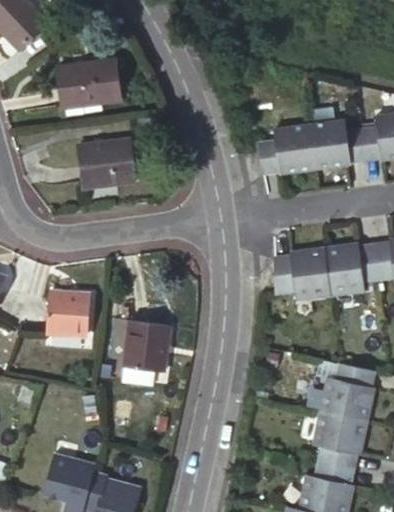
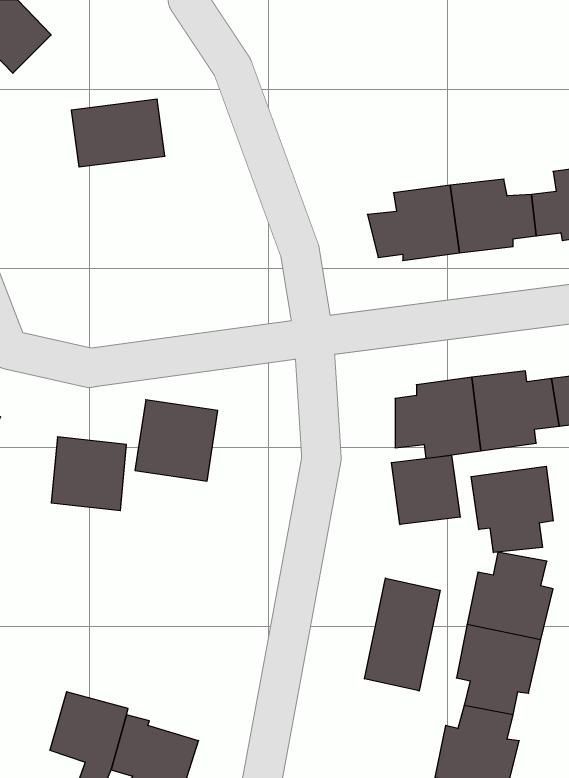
building: [78,141,134,188] -> none
building: none -> [391,455,460,525]
building: none -> [471,466,553,553]
building: [123,321,177,374] -> [135,400,218,481]
building: none -> [365,578,440,691]

